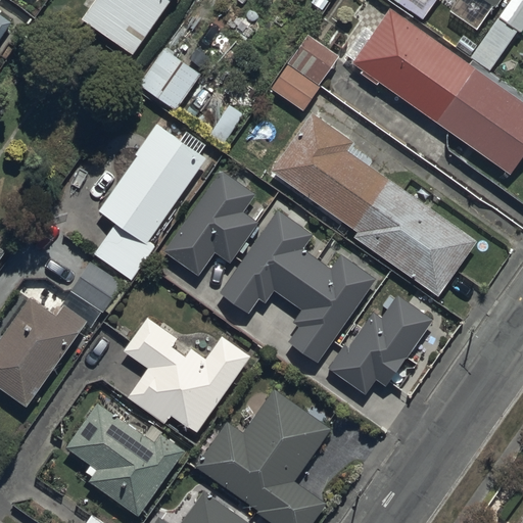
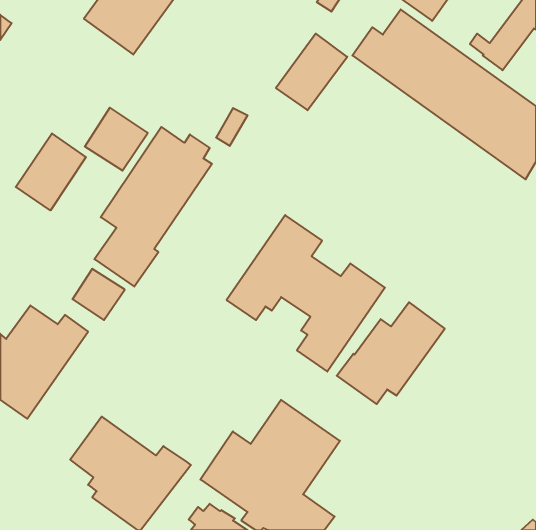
building: [138,51,199,112] -> [85,108,148,171]
building: [271,113,476,295] -> none
building: none -> [16,133,86,210]
building: [164,170,260,274] -> none
building: [124,319,251,434] -> none

